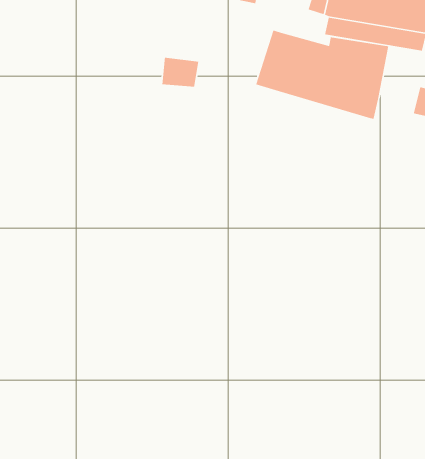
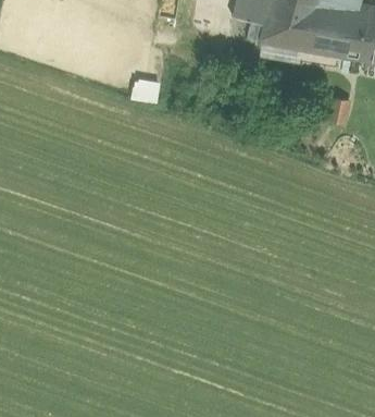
building: [255,29,389,120] -> none

